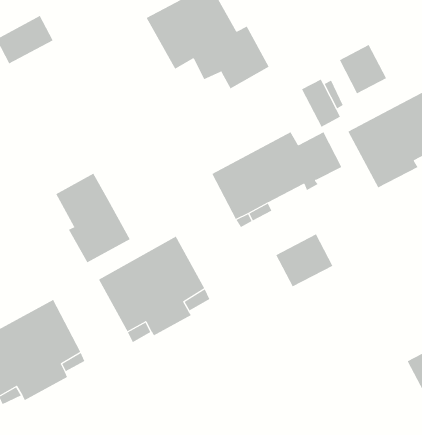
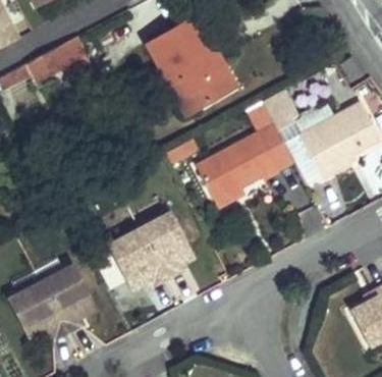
building: [339,44,387,94] -> none
building: [56,173,131,263] -> none
building: [276,234,333,287] -> none

